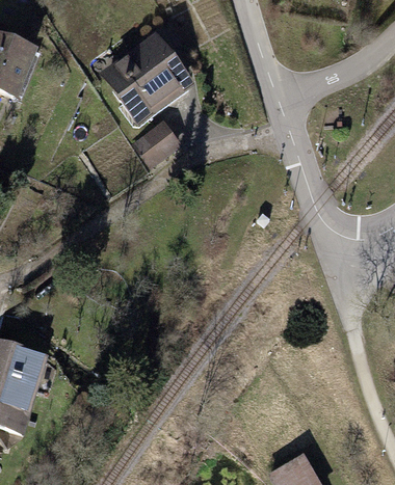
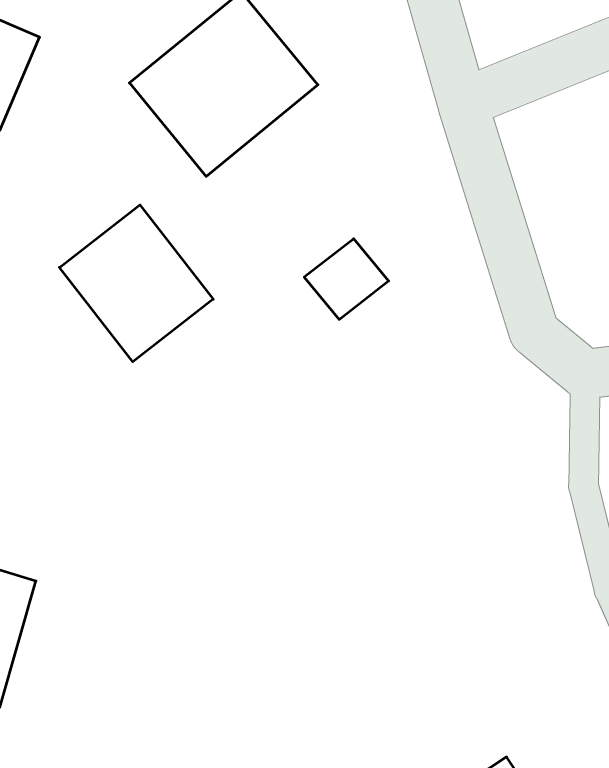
building: [133,123,181,168] -> [304,239,389,319]
building: none -> [59,205,213,362]

